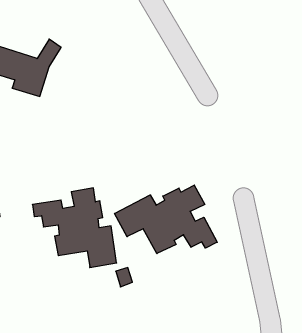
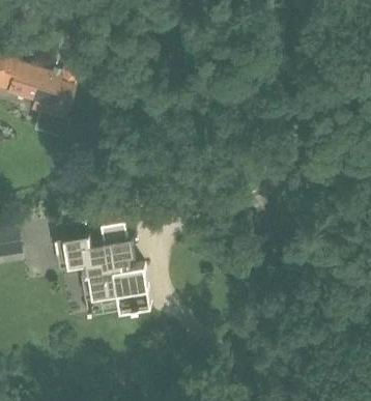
building: [115,185,217,254] -> none

